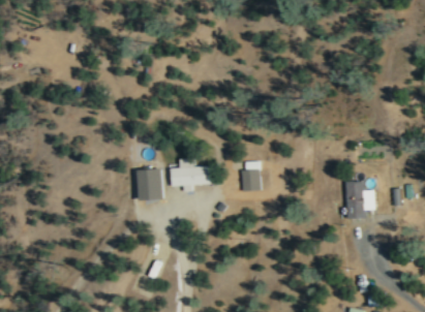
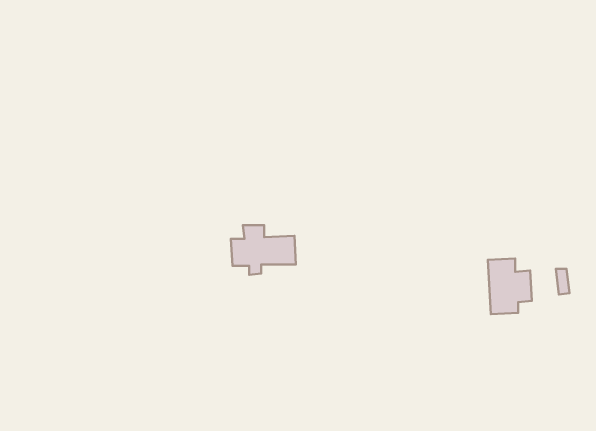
building: [138,167,162,199] -> none
building: [240,168,260,190] -> none

